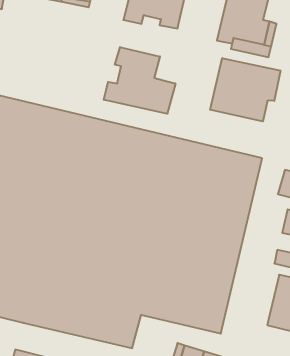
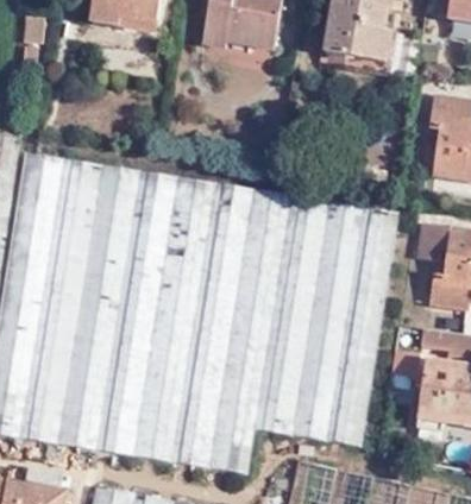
building: [104,47,175,114] -> none
building: [210,58,280,121] -> none

